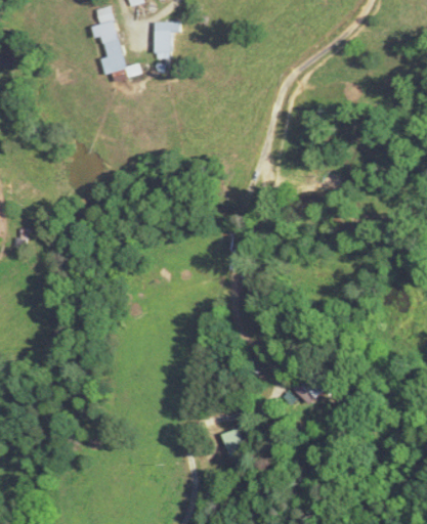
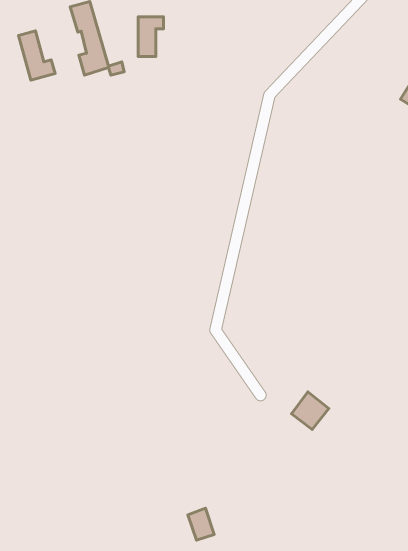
building: none -> [18,31,55,80]
building: [223,428,248,457] -> [188,508,214,540]

